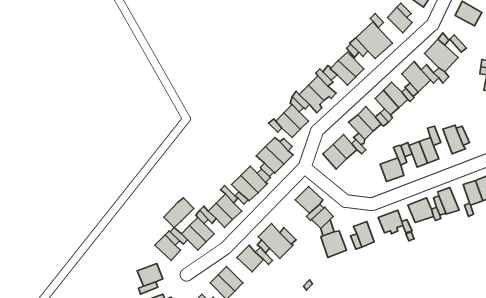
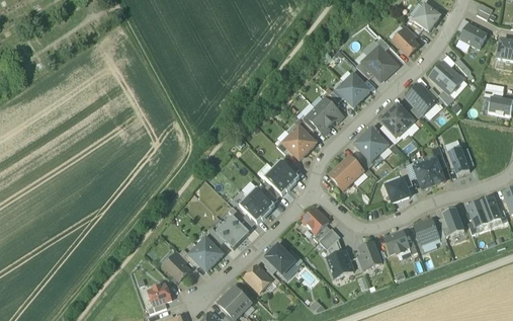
building: [164,198,194,228] -> none

